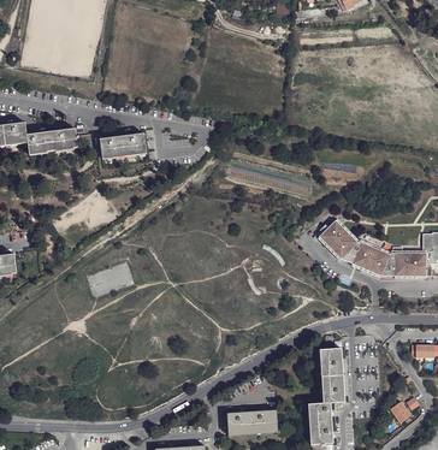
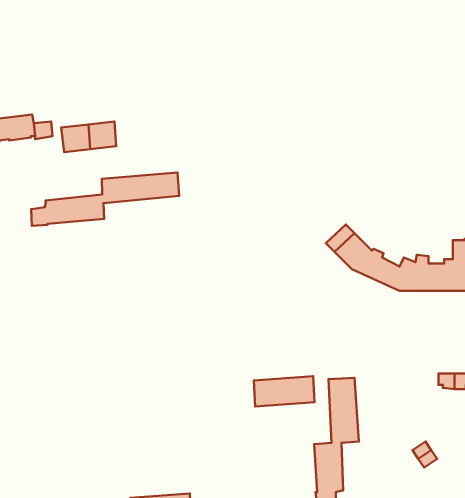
building: none -> [31,173,179,226]
building: [227,409,278,434] -> [254,376,314,406]

